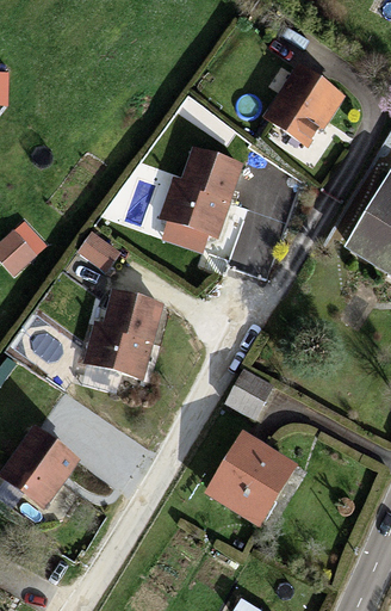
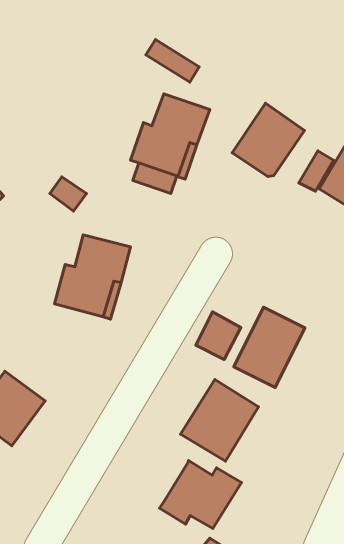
building: [268,68,341,142] -> [232,103,305,177]
building: none -> [234,307,305,387]
building: none -> [159,460,241,528]

